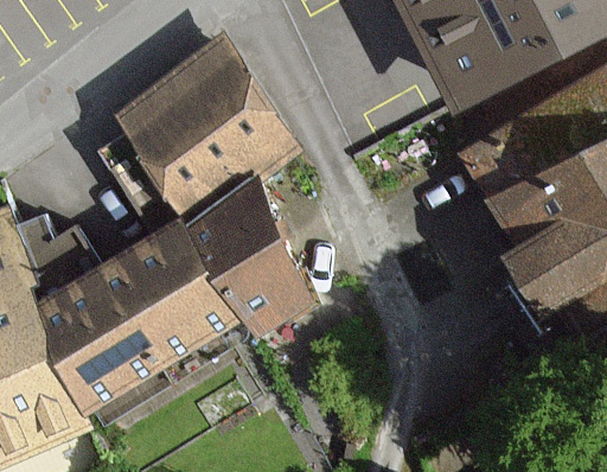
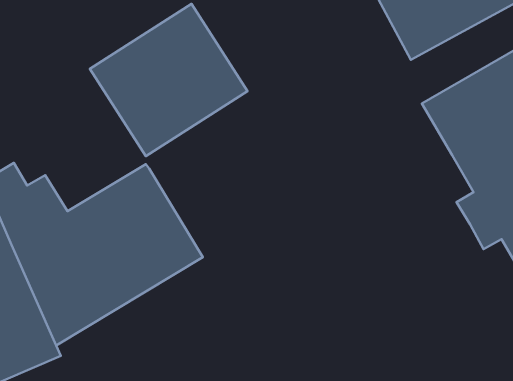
building: [184,184,306,337] -> none

